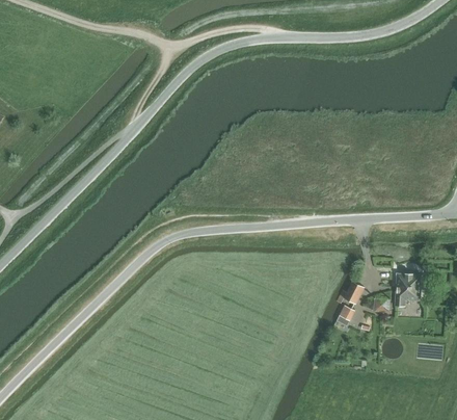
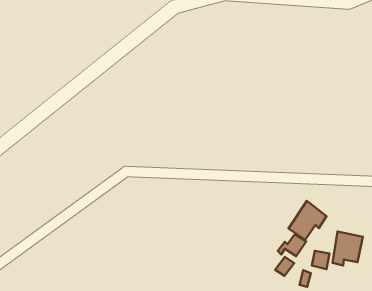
building: none -> [288,201,327,240]

